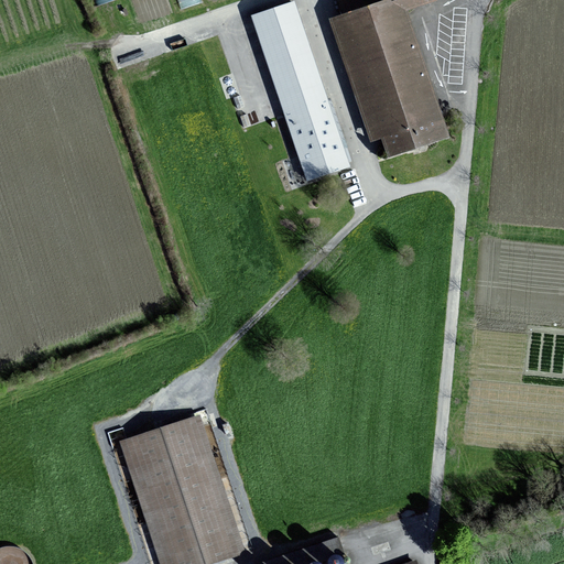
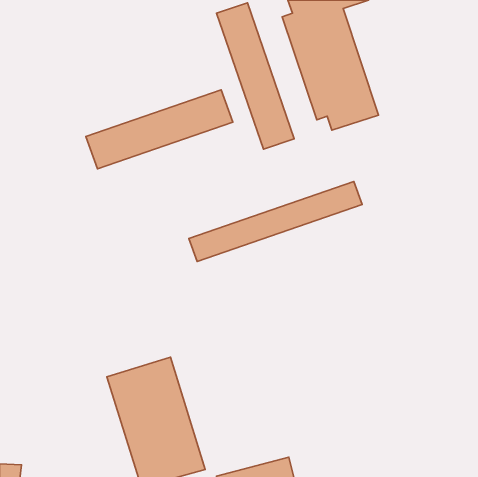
building: none -> [86,90,233,169]
building: none -> [189,182,362,262]

